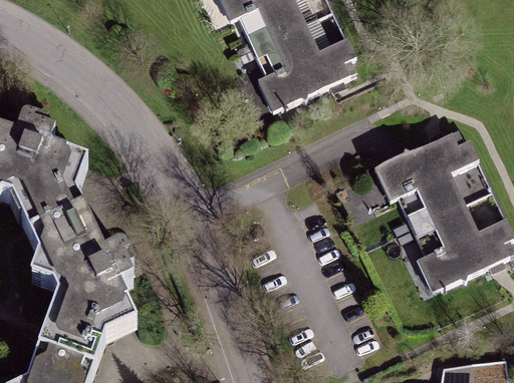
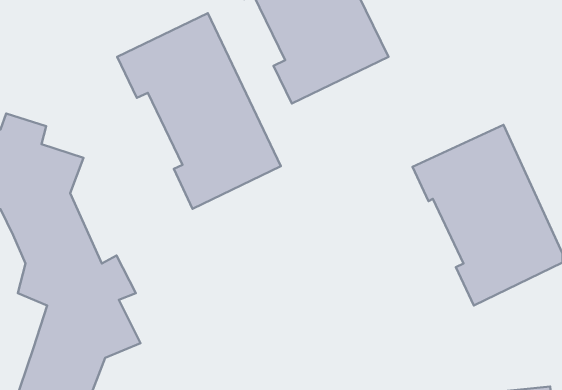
building: none -> [117,13,281,209]

